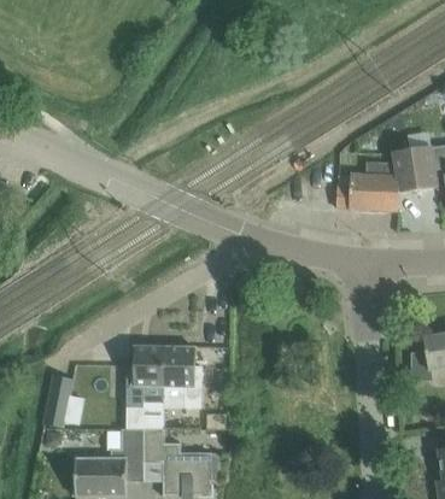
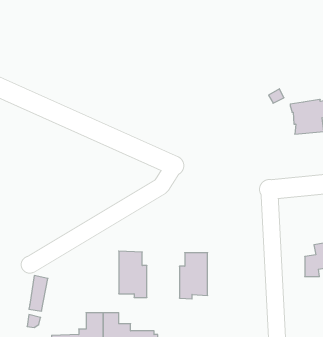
building: [336,163,400,211] -> none
building: [128,347,165,409] -> [179,253,208,299]

